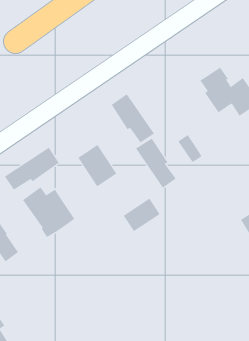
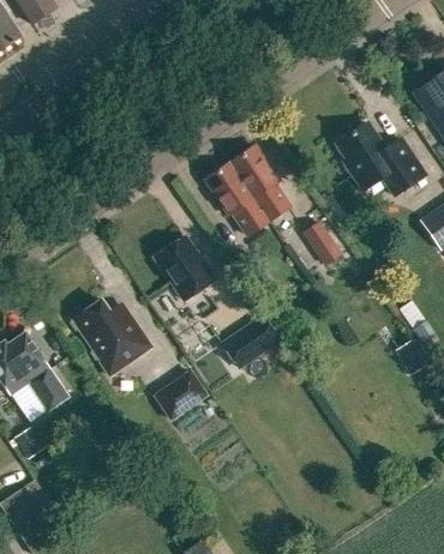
building: [135,138,176,188] -> [229,146,290,221]
building: [4,147,60,190] -> none
building: none -> [156,369,208,417]

